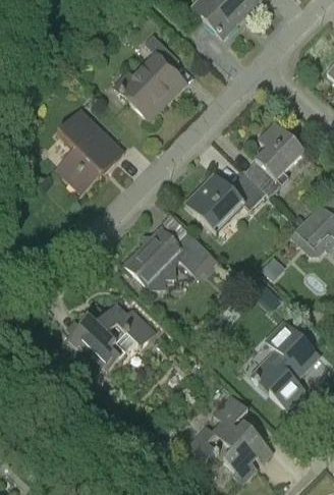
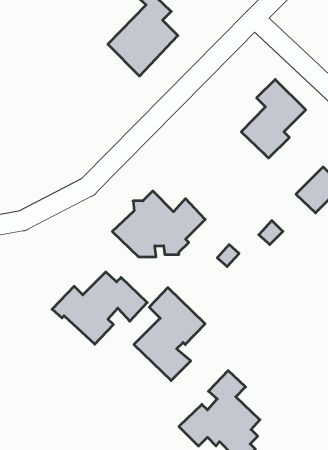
building: [50,108,125,199] -> none
building: [184,171,266,233] -> none
building: [253,321,319,407] -> [134,288,205,381]

